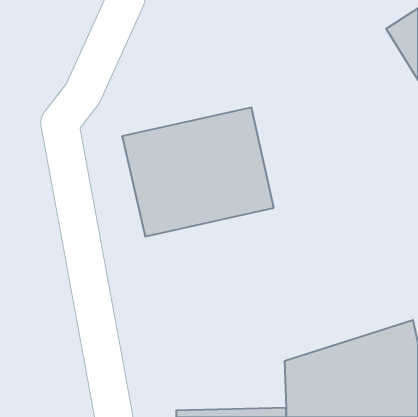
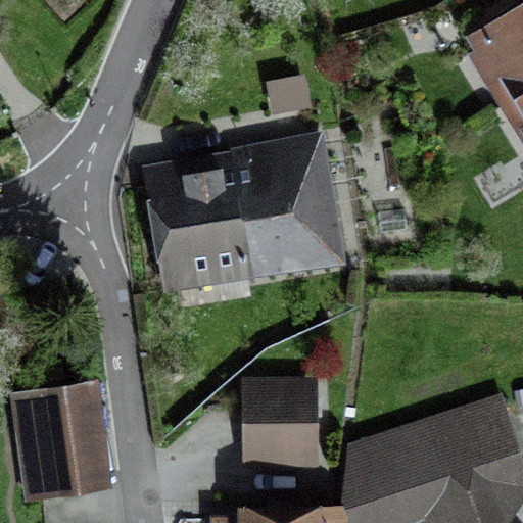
building: none -> [245,386,313,455]
building: none -> [21,397,109,500]

